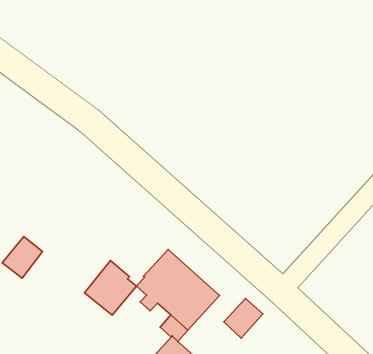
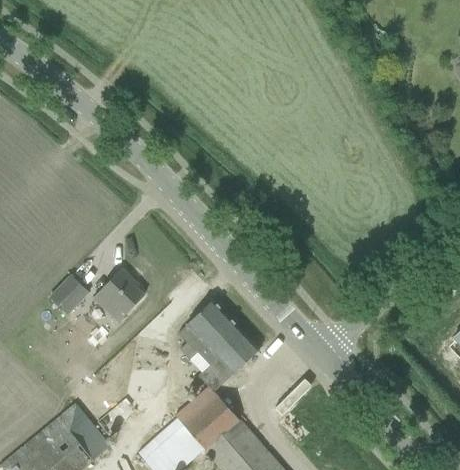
building: [84,261,136,315] -> [93,267,145,321]
building: [224,299,263,338] -> none

